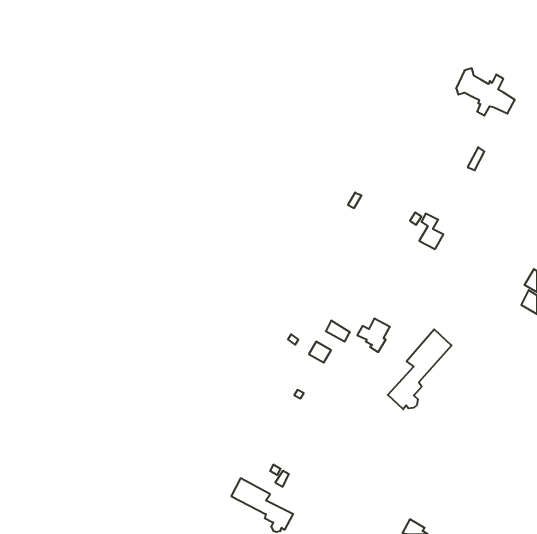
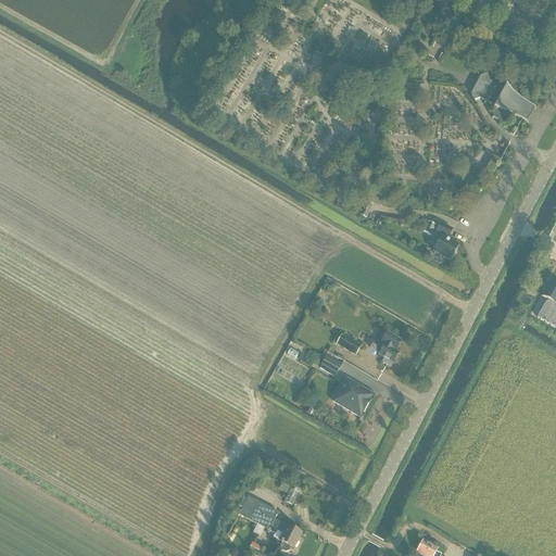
building: [388,329,452,409] -> none
building: none -> [332,376,375,415]

